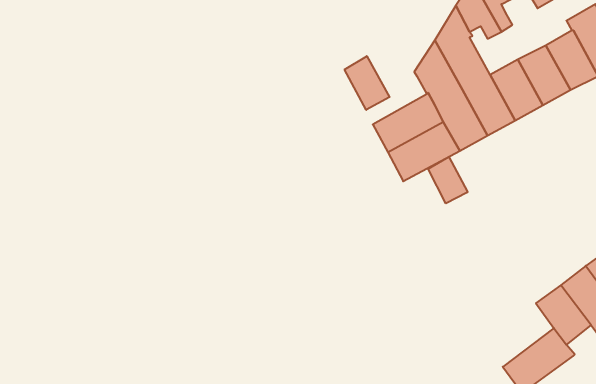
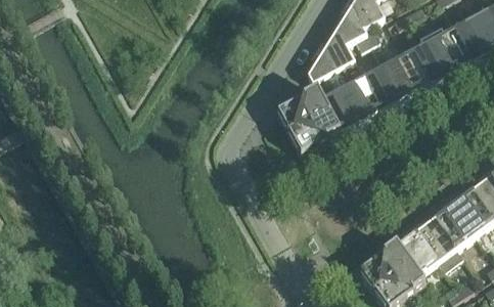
building: [345,56,390,110] -> none
building: [428,157,468,203] -> none
building: none -> [360,242,412,289]

